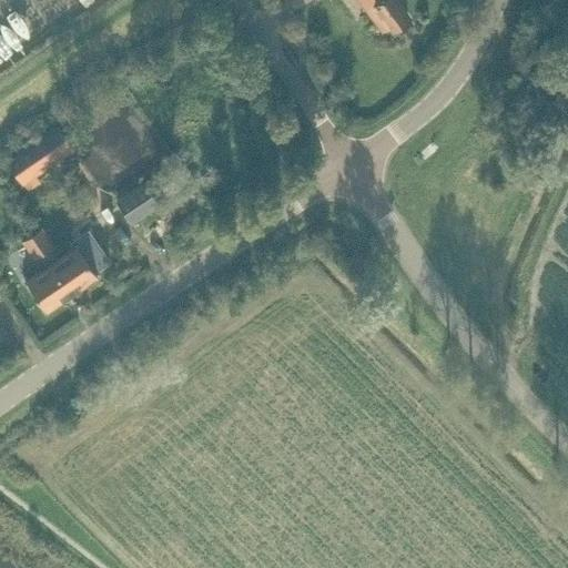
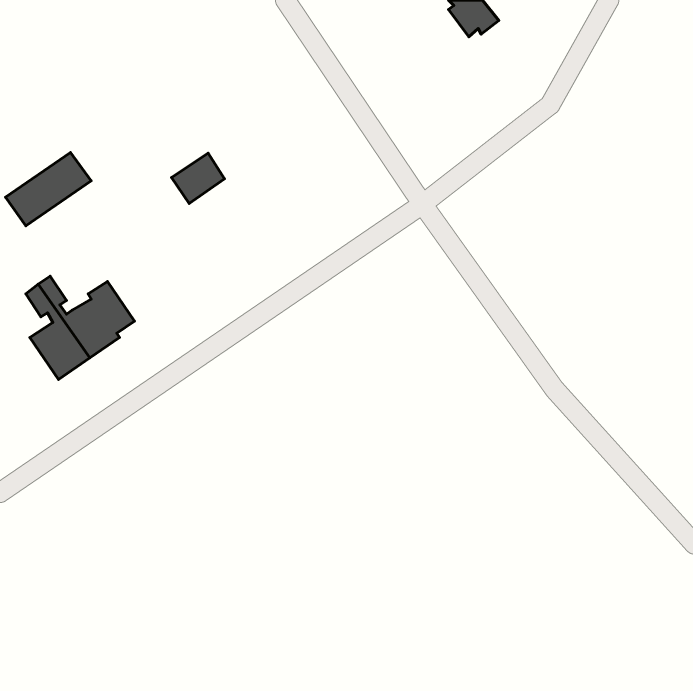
building: [119,182,162,223] -> [171,153,224,203]

